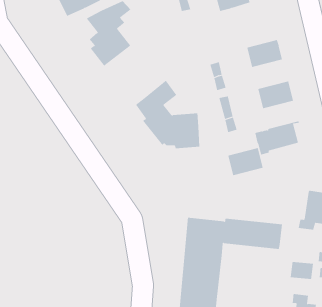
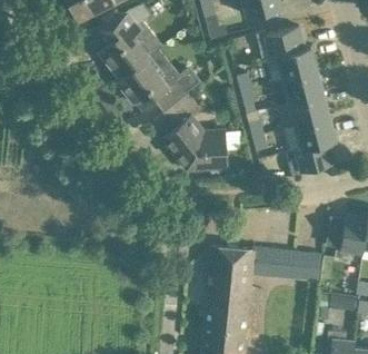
building: none -> [257,28,314,59]
building: none -> [117,56,202,114]
building: none -> [284,71,325,104]
building: [227,148,264,176] -> [296,117,336,148]

